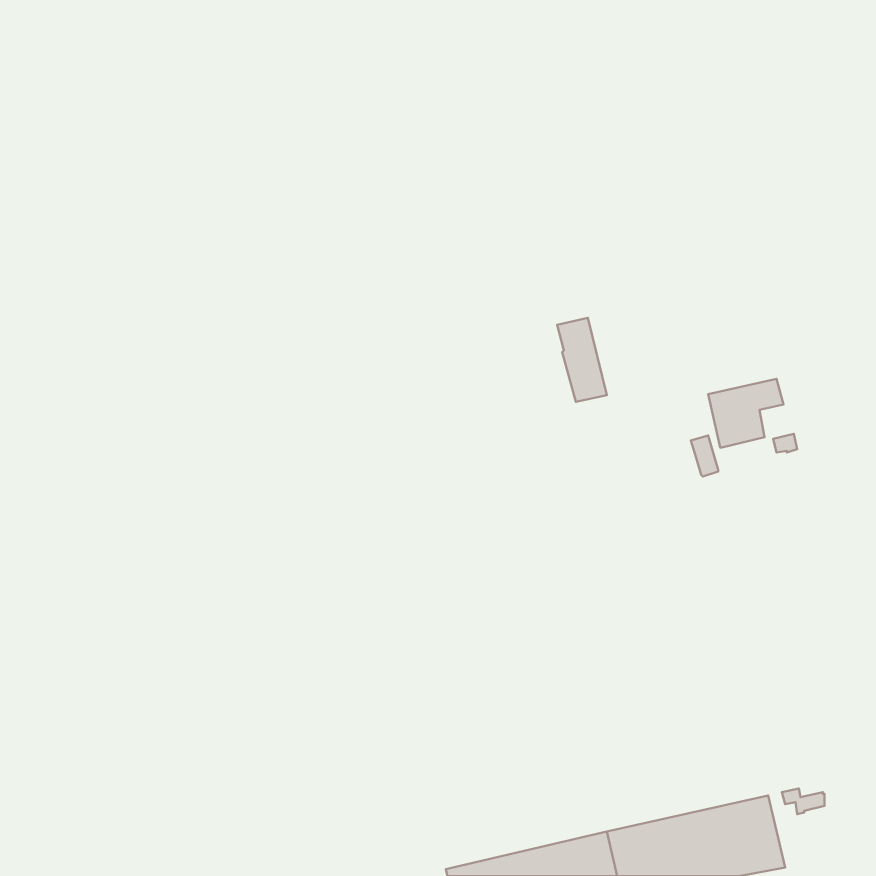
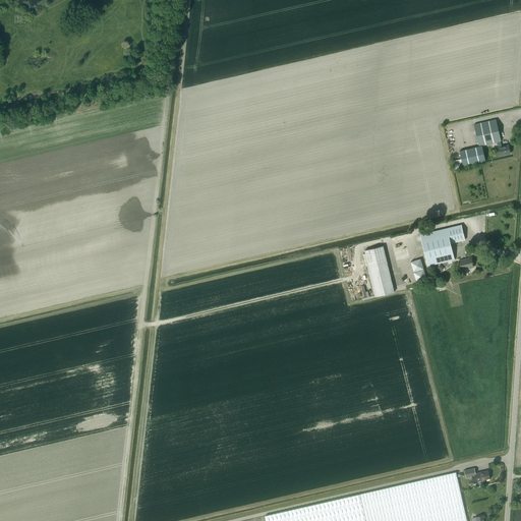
building: none -> [460,119,511,166]
building: [557,318,607,402] -> [364,246,394,296]

